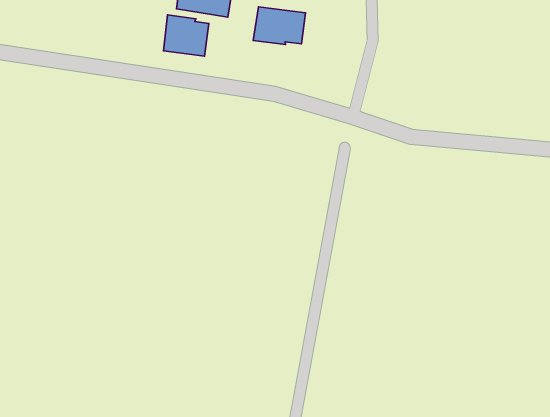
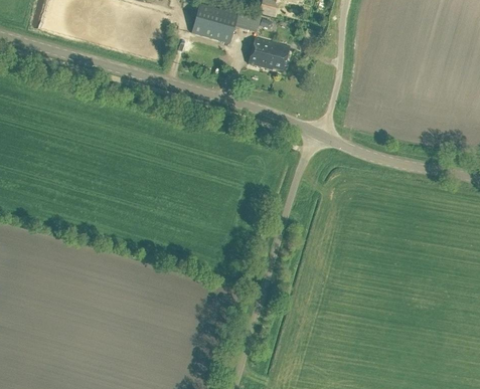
building: [163,15,209,56] -> none

